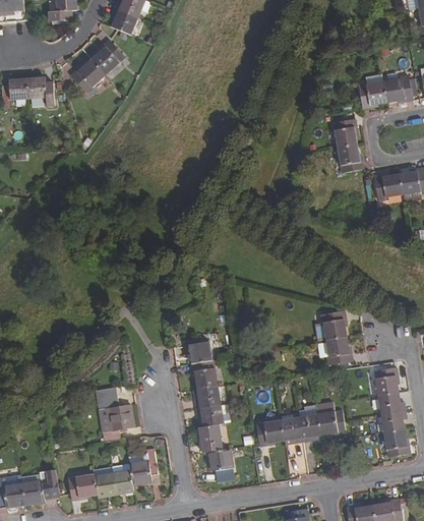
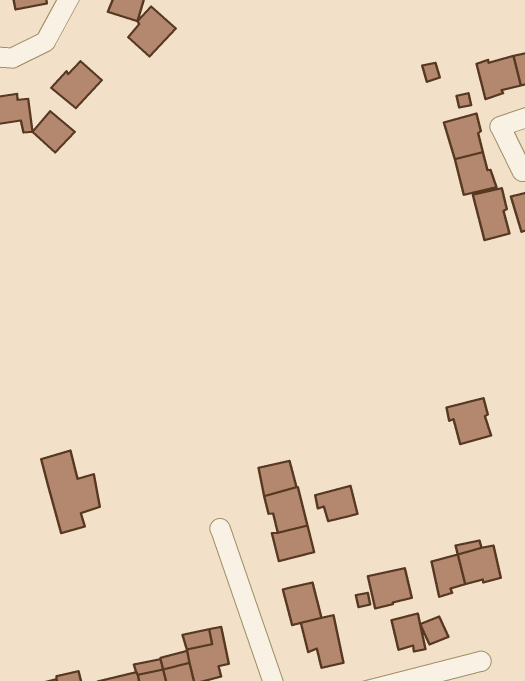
building: [93,40,125,73] -> [128,6,176,56]
building: none -> [32,111,75,153]
building: none -> [473,188,509,240]
building: [325,336,352,365] -> none
building: [95,388,131,443] -> [41,451,100,533]
building: [196,404,224,426] -> [315,486,358,521]
building: [281,417,302,443] -> [391,613,426,652]

